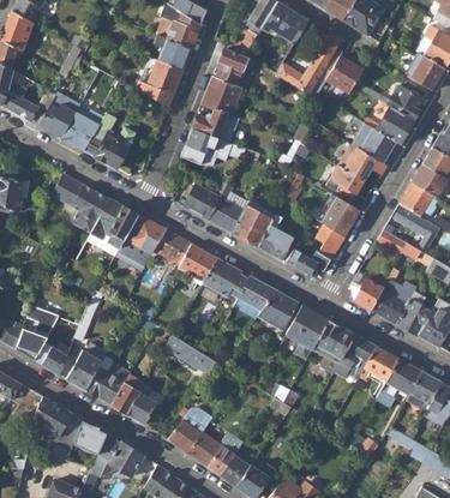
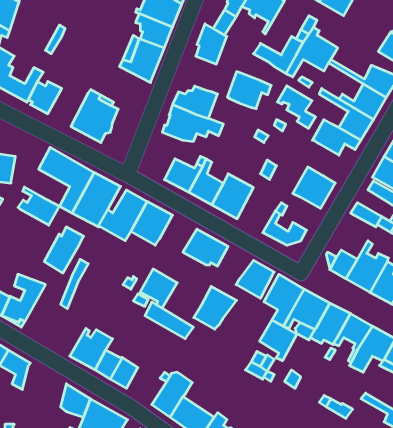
building: [202,77,247,115] -> [227,72,271,109]
building: [61,109,103,151] -> none
building: [328,166,367,210] -> [277,86,316,128]
building: none -> [18,187,59,225]
building: [258,215,293,260] -> none
building: [316,224,344,259] -> none
building: [178,244,216,284] -> [140,269,177,308]
building: [230,276,275,320] -> [194,286,237,329]
building: [41,335,73,374] -> none
building: [65,342,106,390] -> [44,227,84,273]
building: none -> [260,320,297,361]
building: [35,397,80,452] -> none

